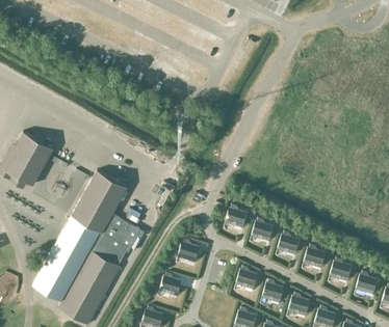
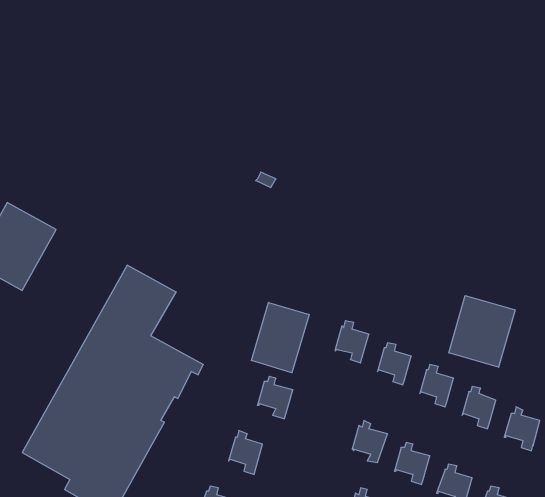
building: none -> [449,296,515,367]
building: none -> [251,302,309,373]

